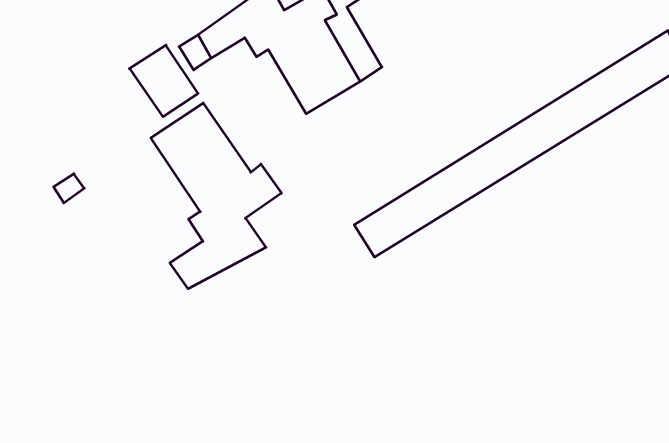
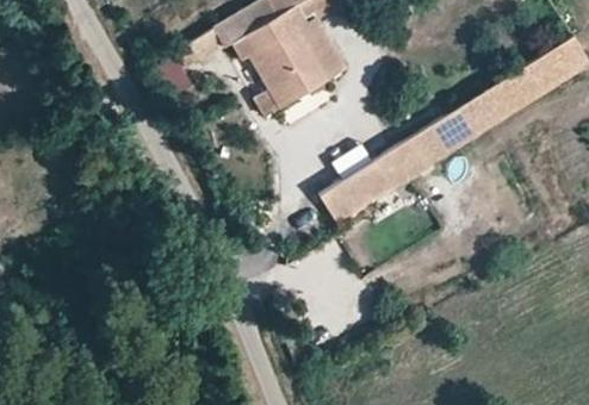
building: [151,103,281,289] -> none

